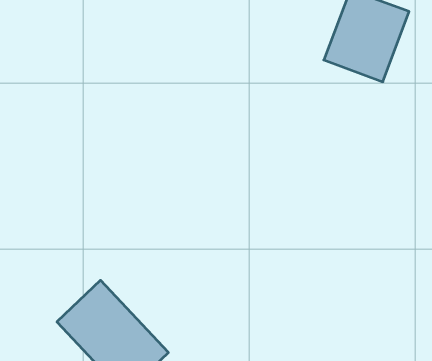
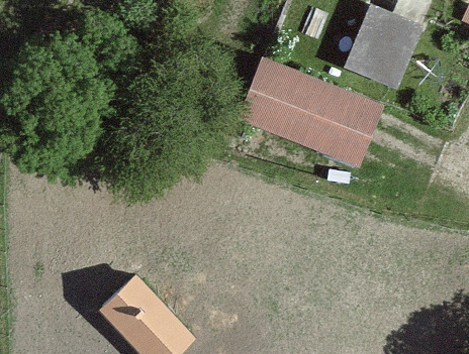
building: none -> [245,63,369,152]

